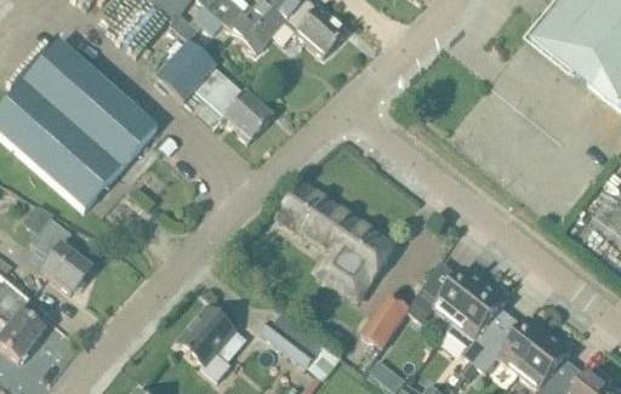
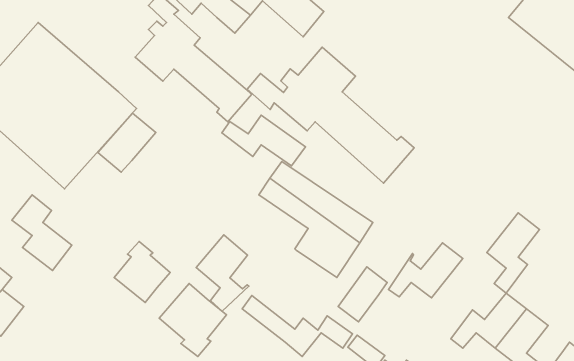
building: none -> [247,47,414,183]
building: none -> [98,113,156,172]
building: none -> [222,115,306,166]
building: none -> [196,235,249,311]
building: none -> [114,241,170,302]
building: [454,280,507,361] -> [487,213,540,293]

